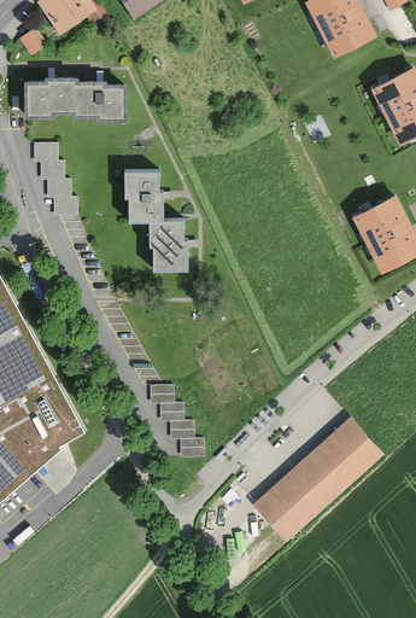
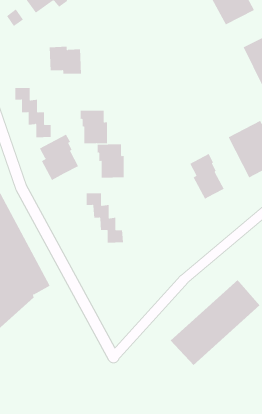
building: [25,77,81,119] -> none
building: none -> [39,134,79,181]
building: none -> [189,153,224,199]
building: [150,384,204,456] -> [86,193,124,243]

